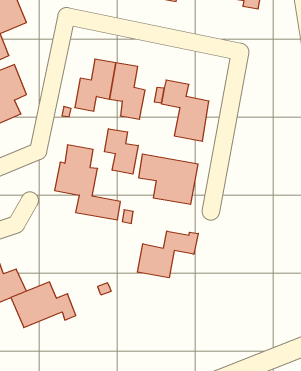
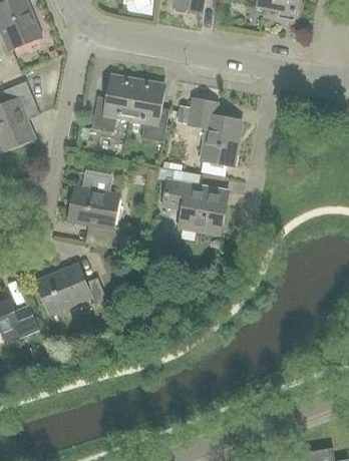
building: [105,129,138,174] -> none
building: [137,231,198,278] -> none
building: [11,282,76,328] -> [35,264,106,314]

